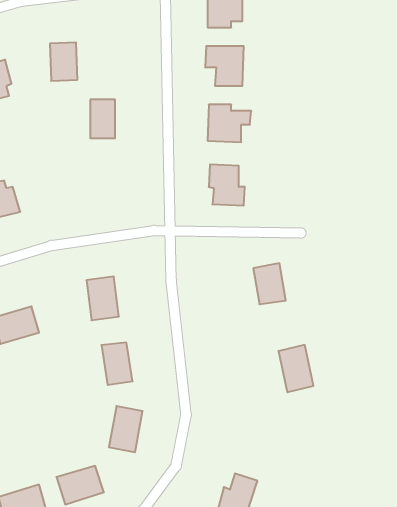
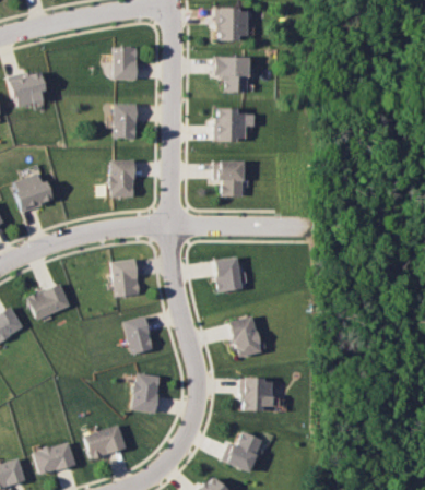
building: [50,42,77,81] -> [114,46,138,80]
building: none -> [110,159,134,196]
building: [253,263,286,304] -> [213,255,241,291]
building: [278,345,313,392] -> [229,315,260,357]
building: none -> [240,378,272,410]

